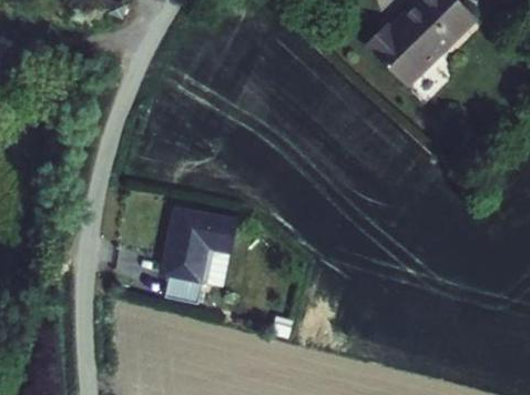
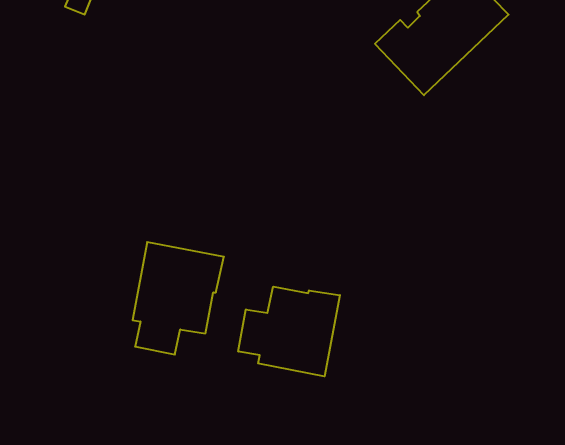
building: none -> [238,287,340,376]

